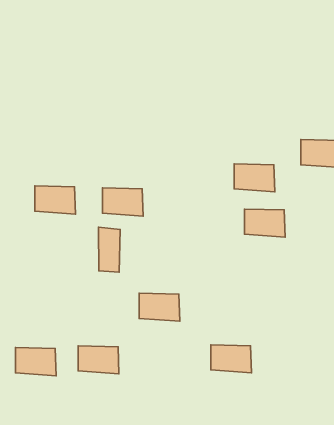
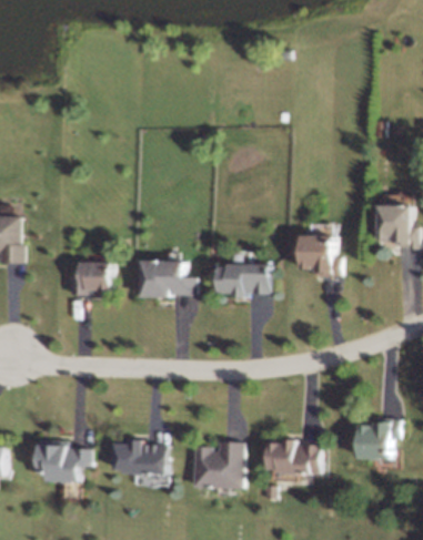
building: [244,209,285,237] -> [221,263,268,295]
building: [98,227,120,272] -> none
building: [139,293,180,321] -> [192,448,239,480]
building: none -> [355,424,402,456]

